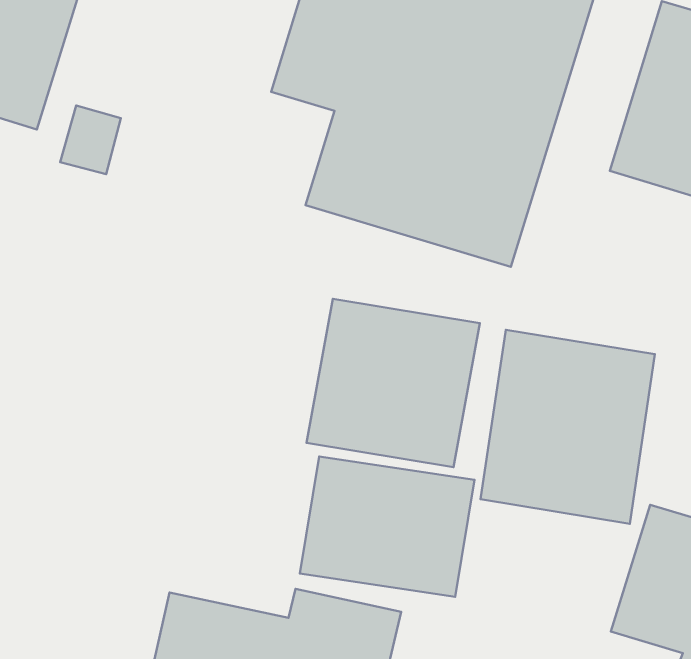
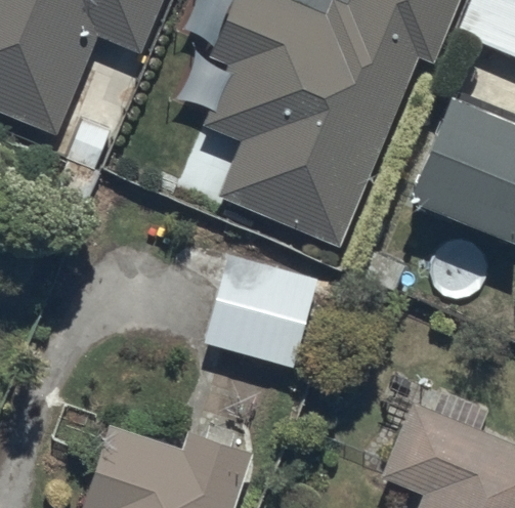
building: [481,330,655,524] -> none
building: [300,456,474,597] -> none

